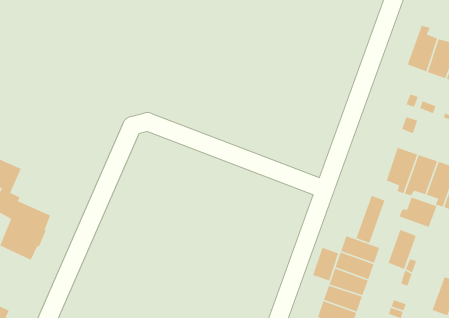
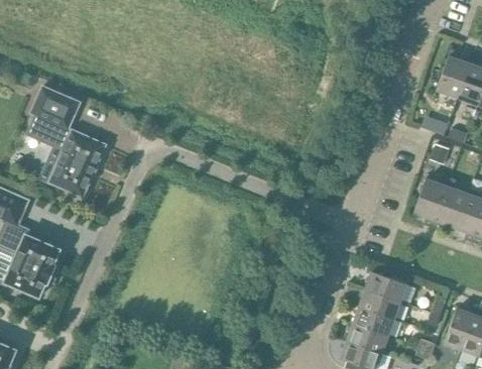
building: none -> [27,87,105,198]
building: [356,195,386,244] -> none
building: [398,197,437,228] -> none
building: [387,229,417,270] -> [444,307,475,351]
building: [312,247,339,282] -> none

